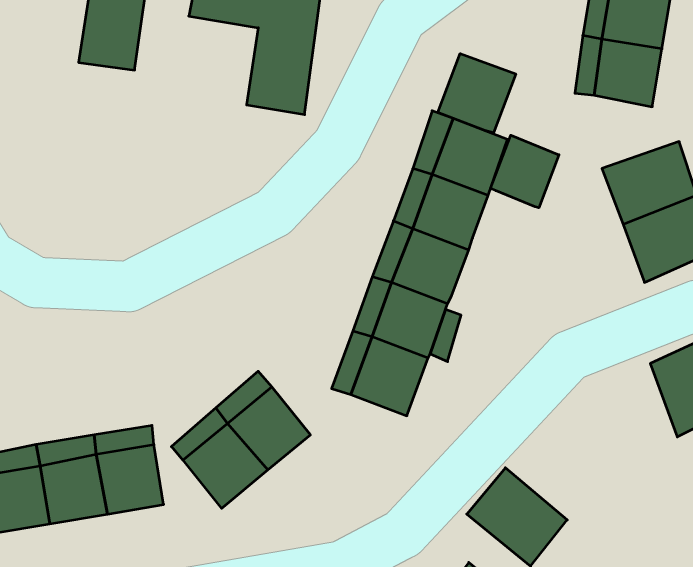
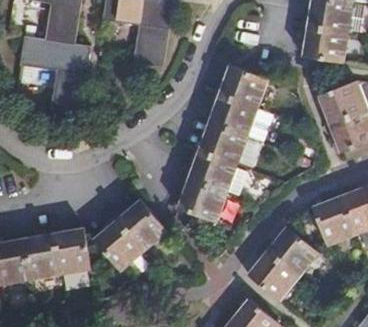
building: [438,54,516,133] -> none
building: none -> [20,37,91,112]
building: [491,135,559,208] -> none
building: none -> [312,196,356,245]
building: none -> [267,228,319,277]

